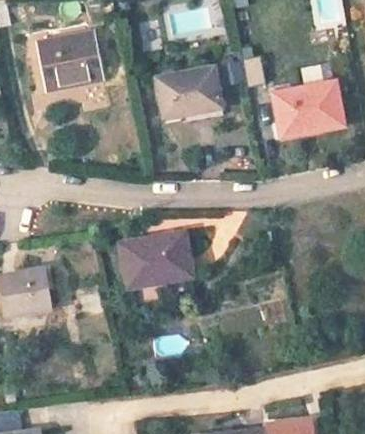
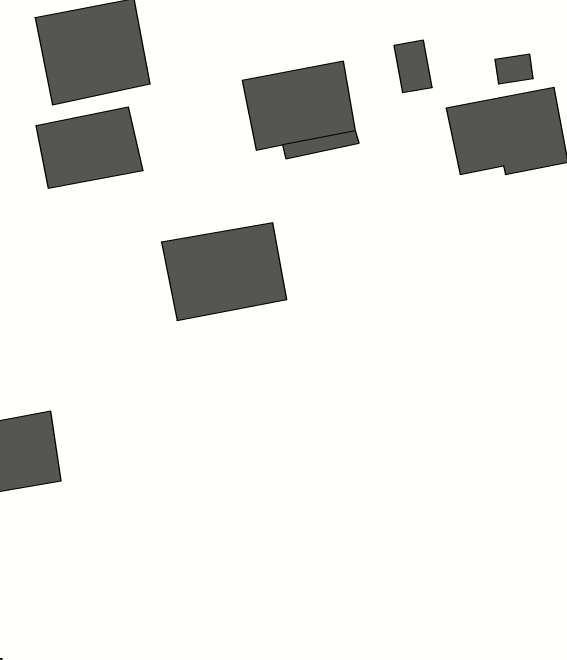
building: none -> [36,107,143,188]
building: [120,231,192,287] -> [161,223,287,320]

